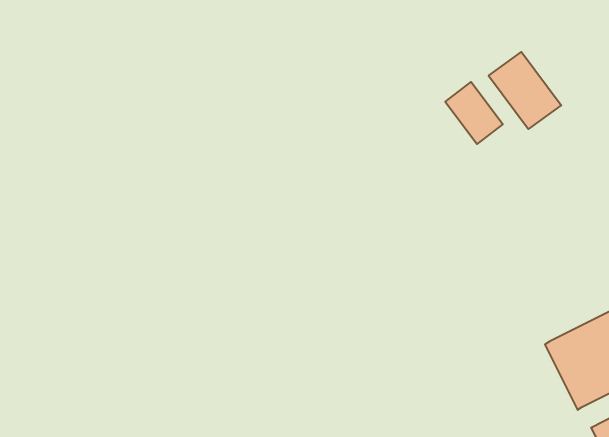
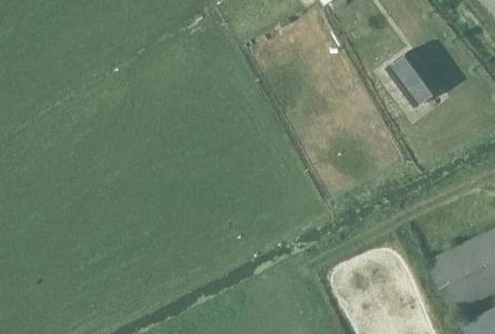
building: [445,82,503,144] -> none

